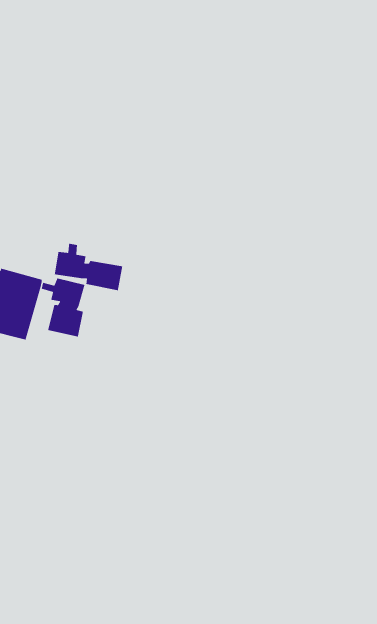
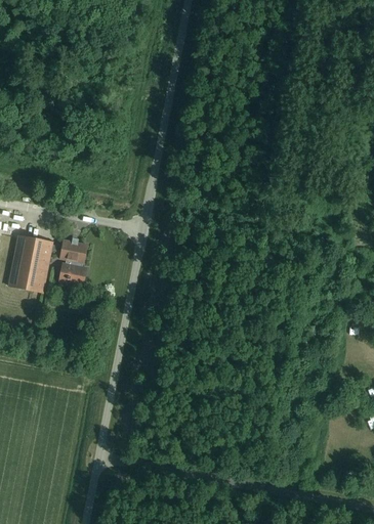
building: [54,243,123,291] -> none

